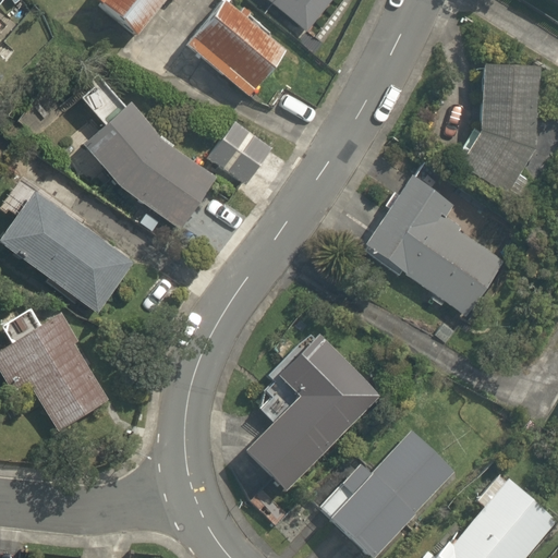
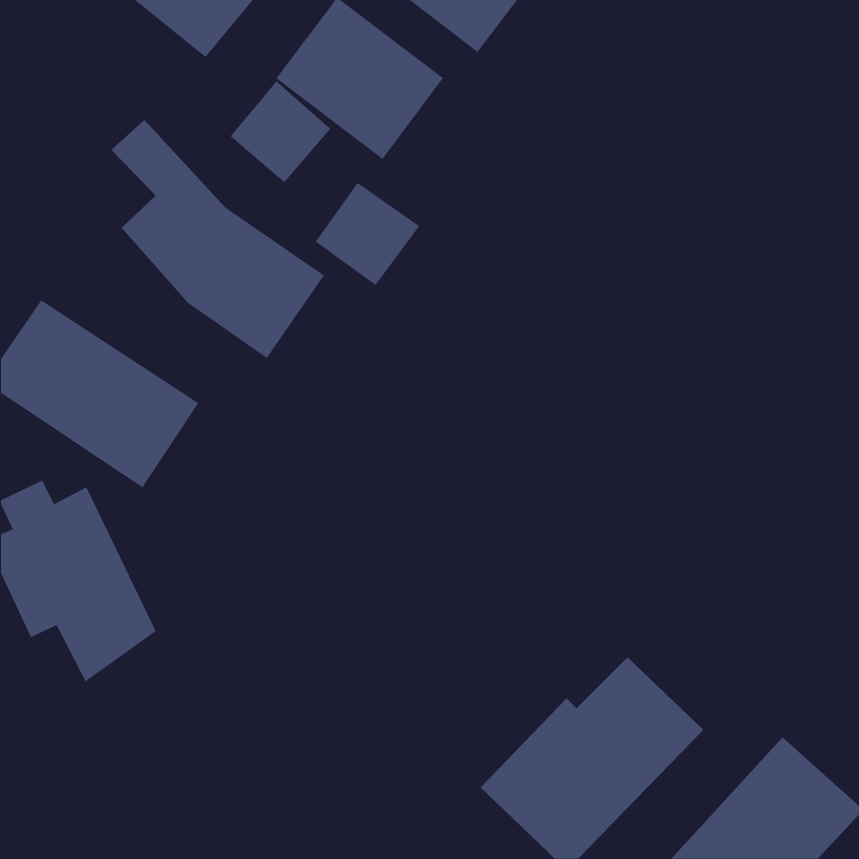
building: none -> [230,80,331,183]
building: [457,60,539,193] -> none
building: [366,177,510,316] -> none
building: [242,335,377,494] -> none

